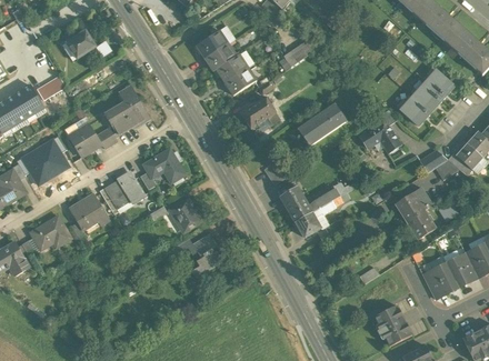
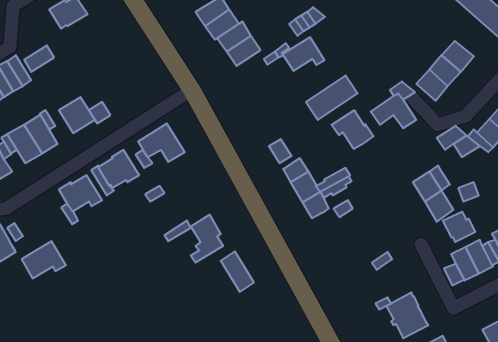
building: [106,86,150,134] -> none
building: [240,97,279,128] -> [283,37,325,71]
building: none -> [331,110,374,149]
building: [169,198,201,228] -> none
building: [30,215,71,250] -> [22,241,66,278]
building: none -> [443,212,475,242]
building: none -> [221,251,254,292]

